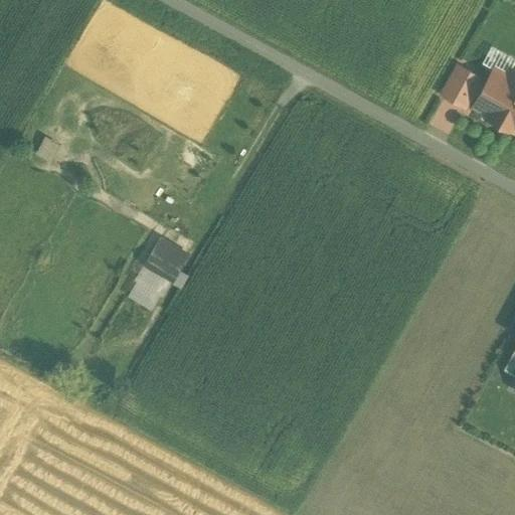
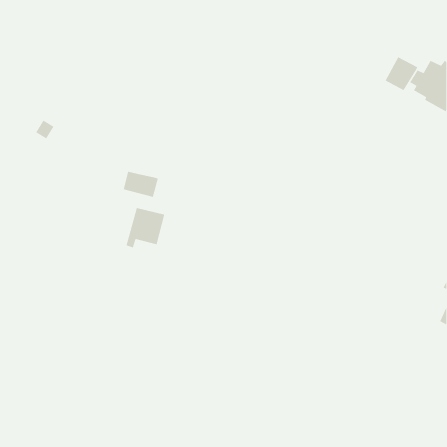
building: none -> [123,171,159,198]

